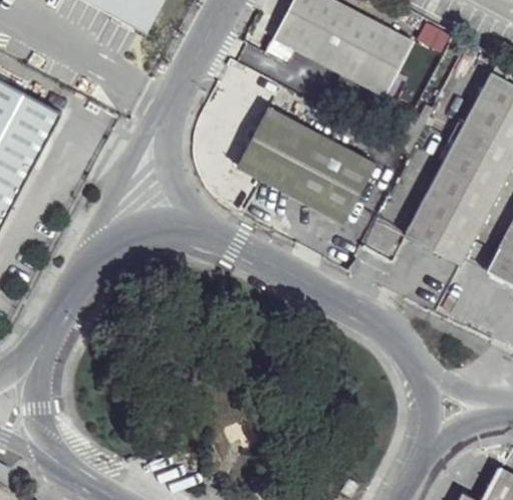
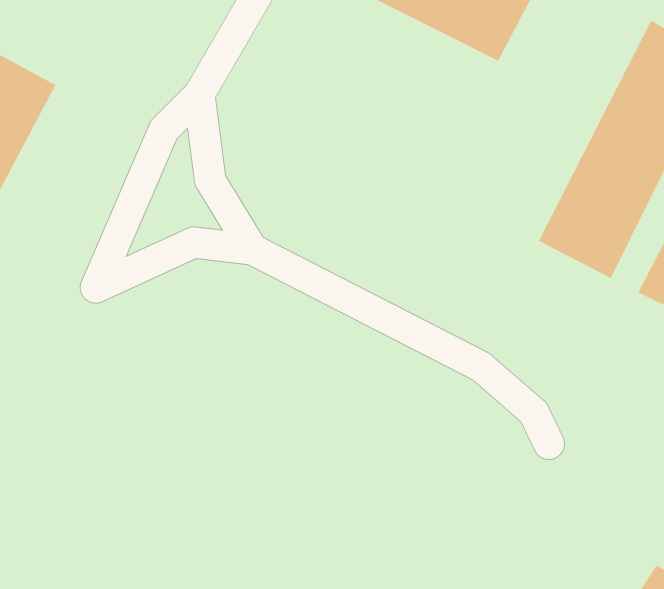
building: [235,104,374,222] -> none

